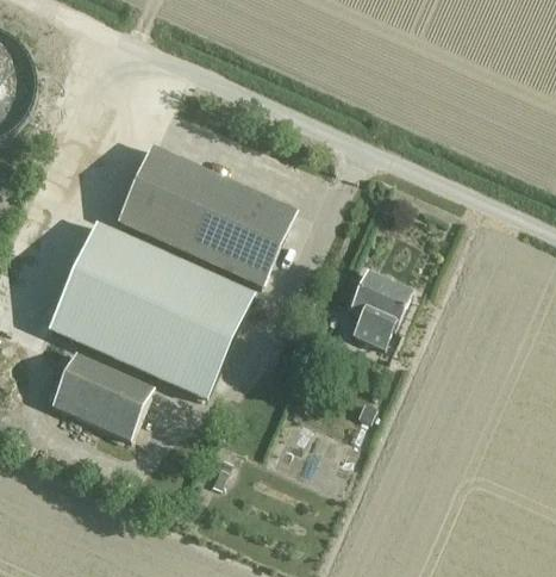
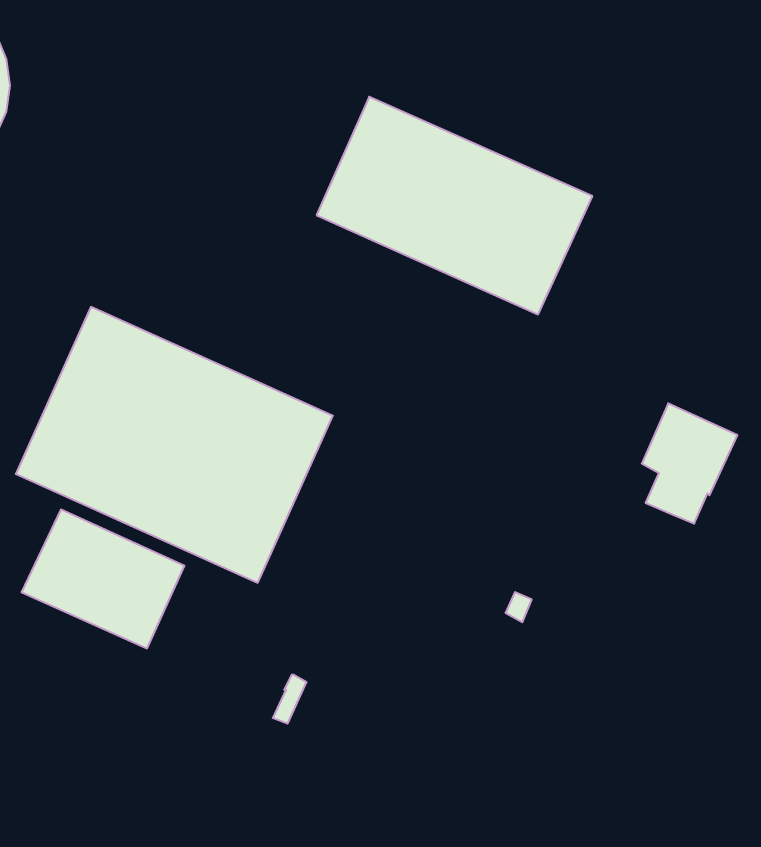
building: [119,147,294,285] -> [317,97,592,314]
building: [350,271,411,347] -> [642,403,737,524]

